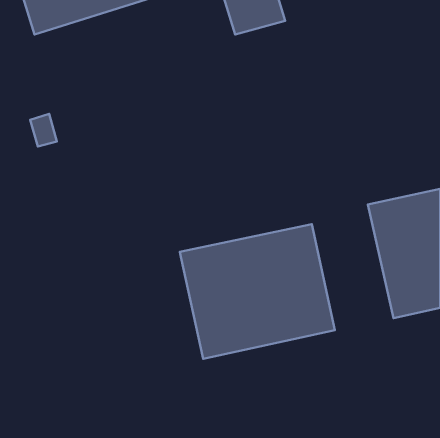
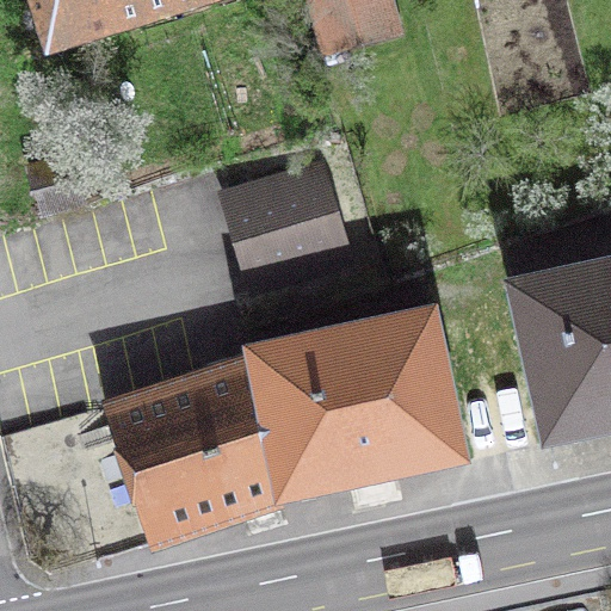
building: none -> [228,165,345,285]
building: none -> [106,356,282,541]

